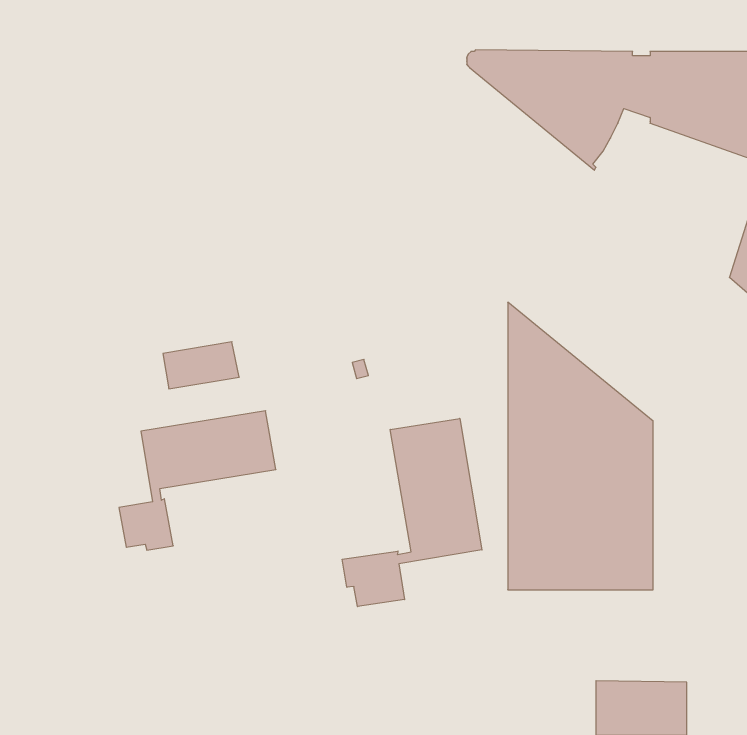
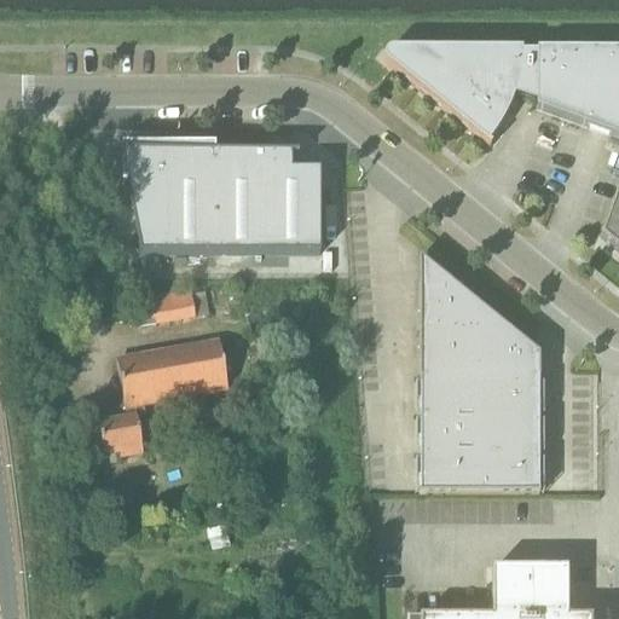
building: none -> [128,139,322,245]
building: [342,418,482,607] -> none

